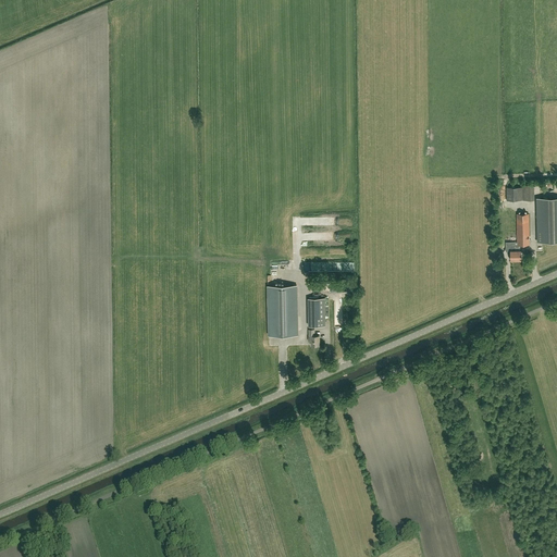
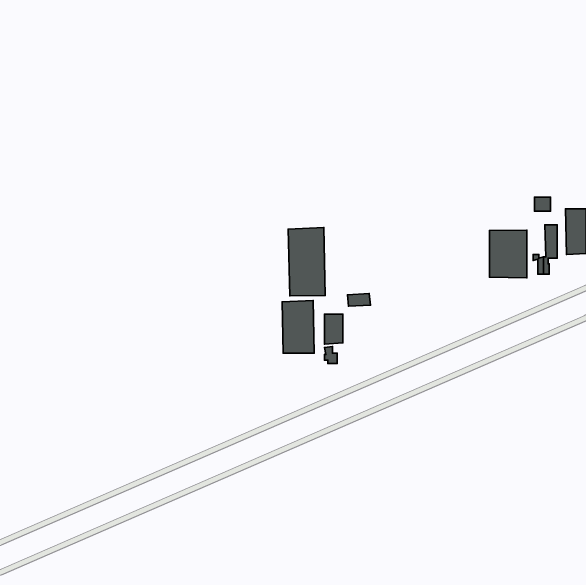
building: none -> [288,228,325,296]
building: none -> [490,230,527,278]

